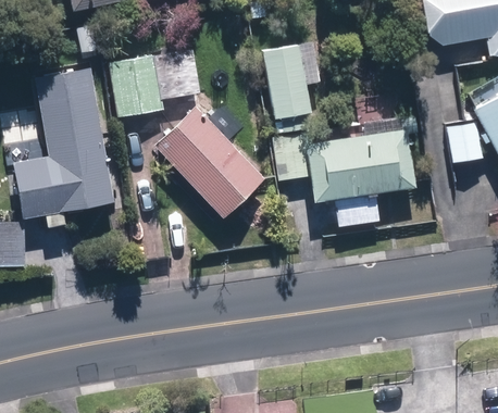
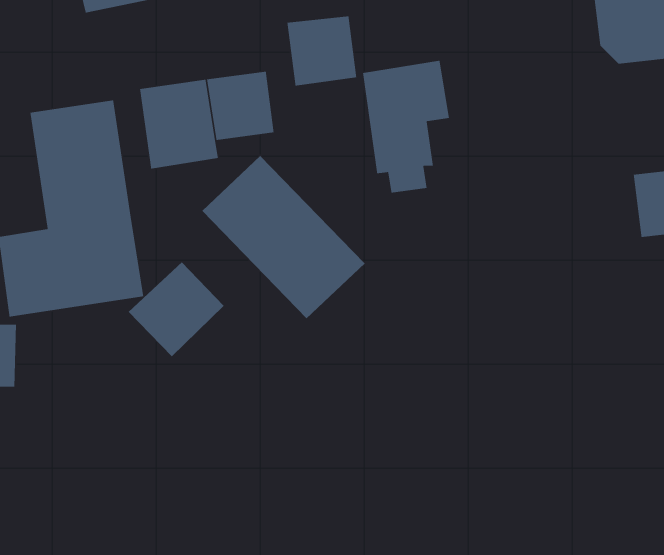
building: none -> [287,15,357,86]
building: [277,107,416,223] -> none
building: none -> [128,262,225,357]

